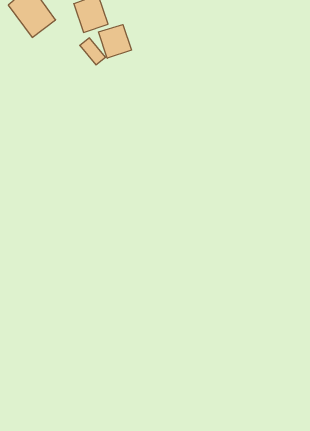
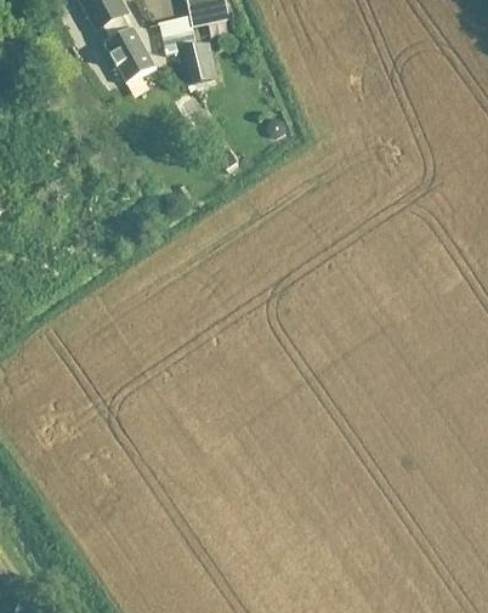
building: [98,25,131,58] -> none

